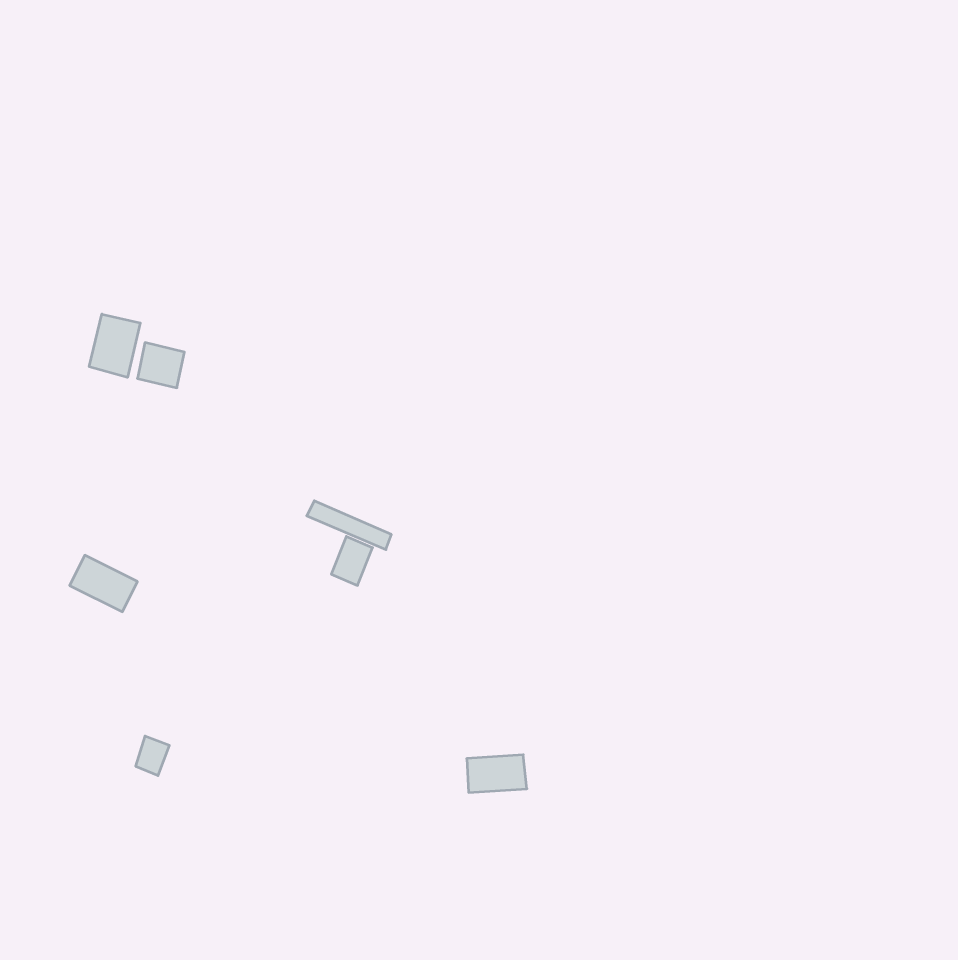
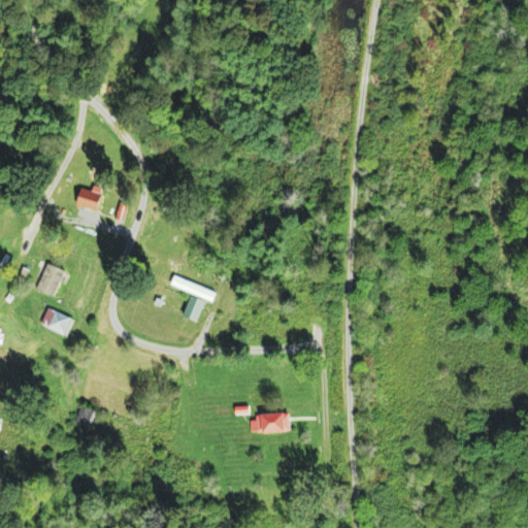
building: [89,314,140,377] -> none
building: none -> [38,263,63,295]

